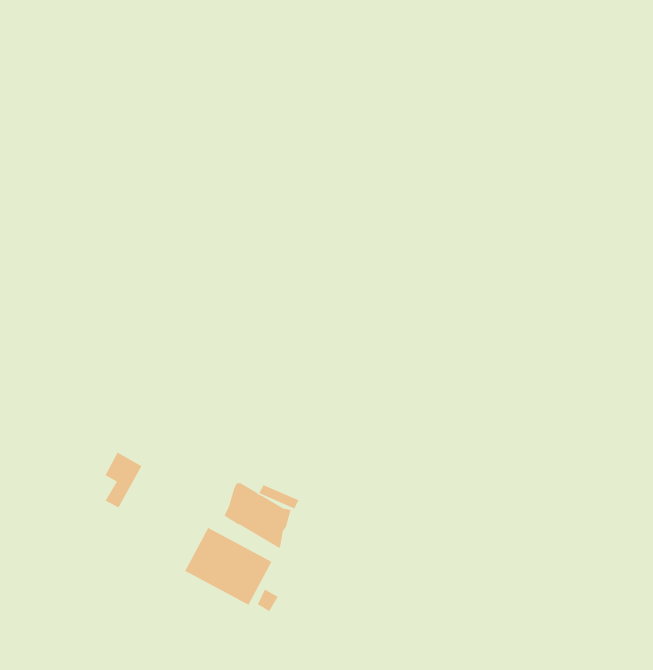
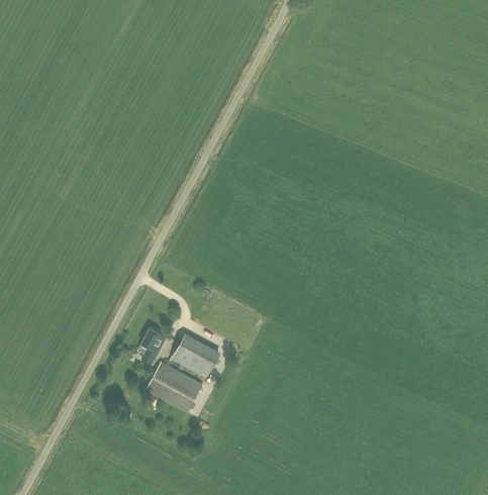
building: [105,452,143,509] -> [141,328,166,365]

